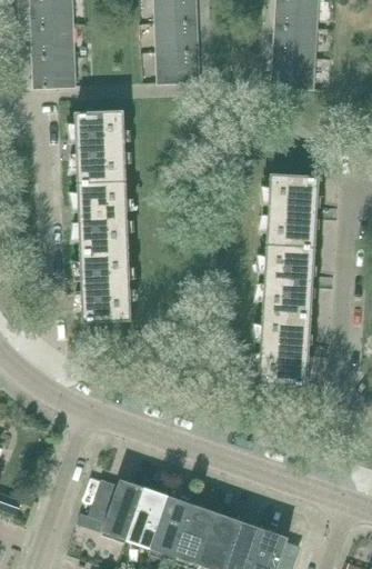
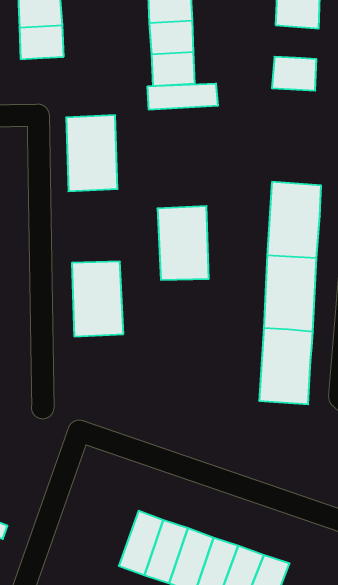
building: [273,27,315,59] -> none
building: [32,57,74,89] -> none
building: none -> [148,83,218,110]
building: [78,182,127,252] -> [157,206,209,280]
building: [88,480,144,540] -> none

